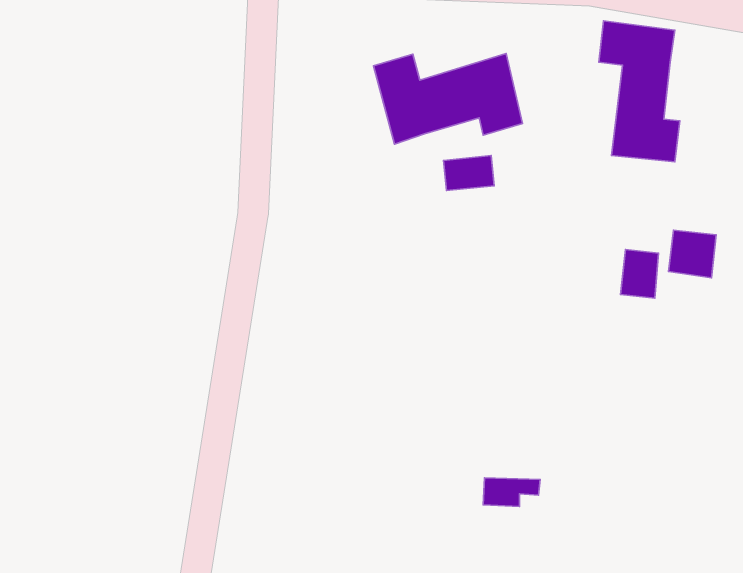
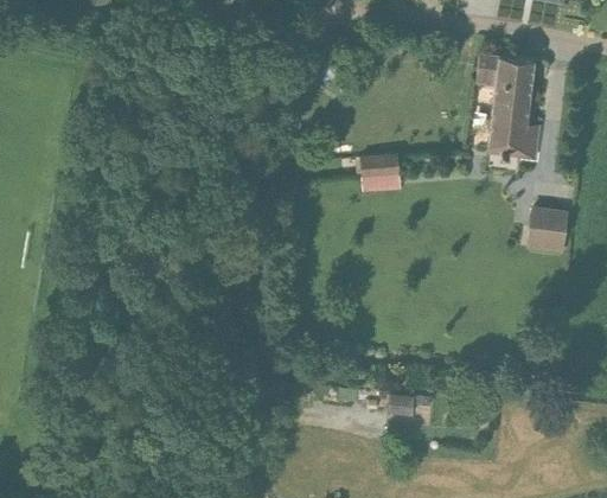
building: [374,54,523,144] -> none
building: [621,250,658,298] -> none

